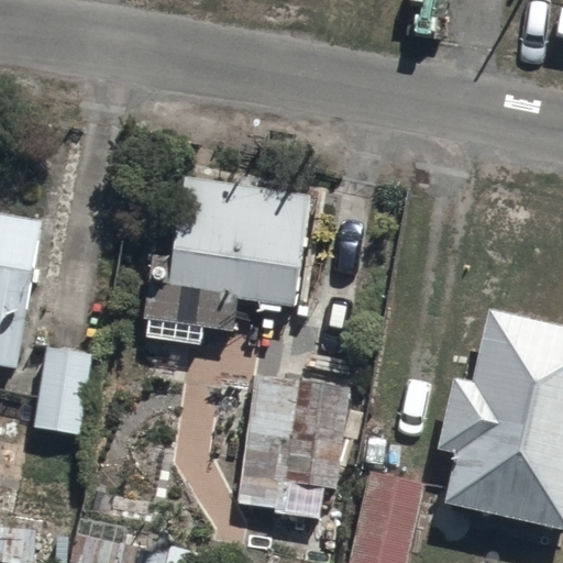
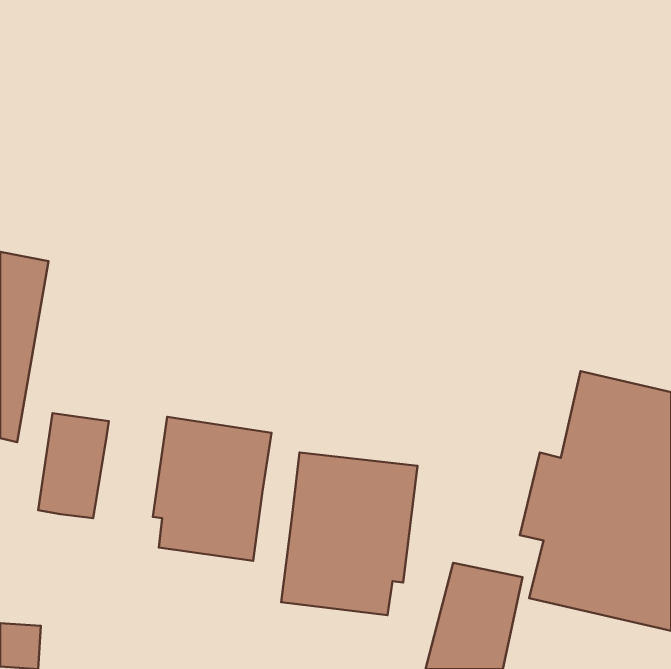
building: [142,176,311,347] -> none
building: none -> [153,417,271,561]

